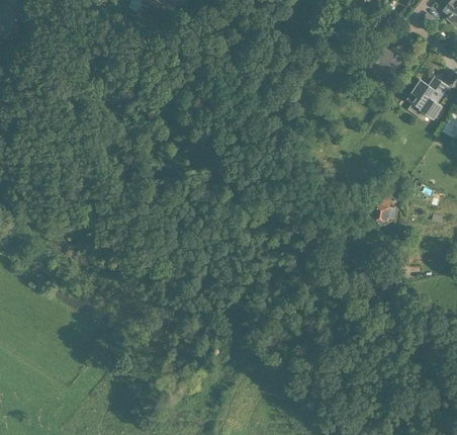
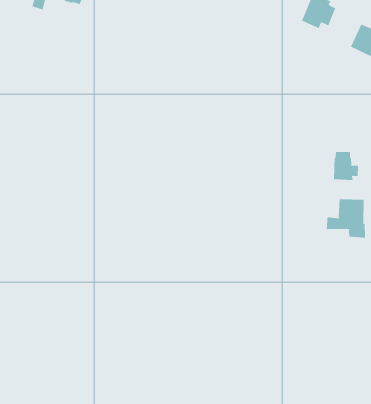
building: none -> [326,199,365,238]

